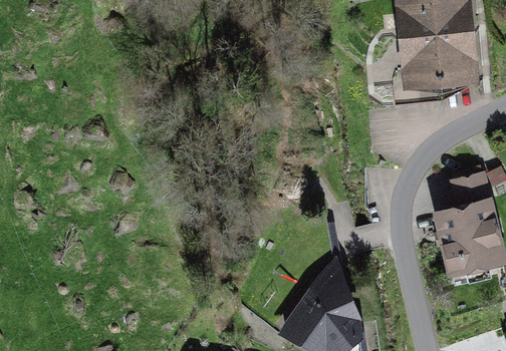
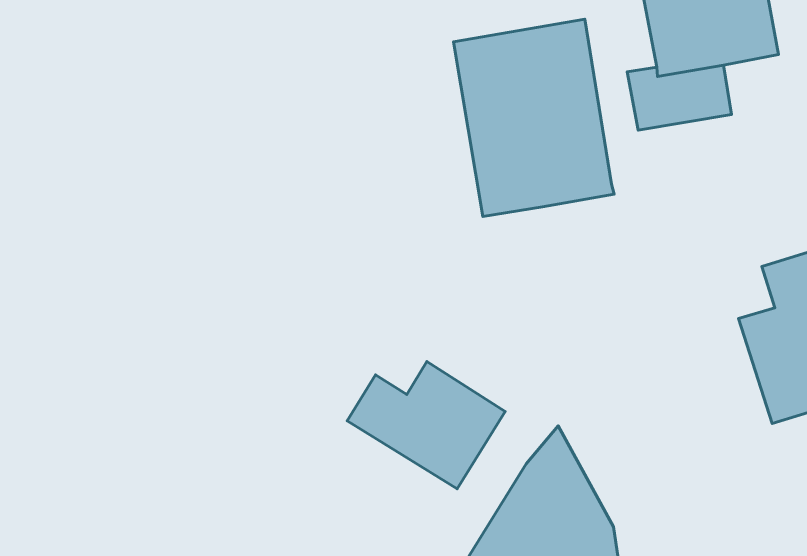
building: none -> [453,19,614,217]
building: none -> [347,362,505,489]

